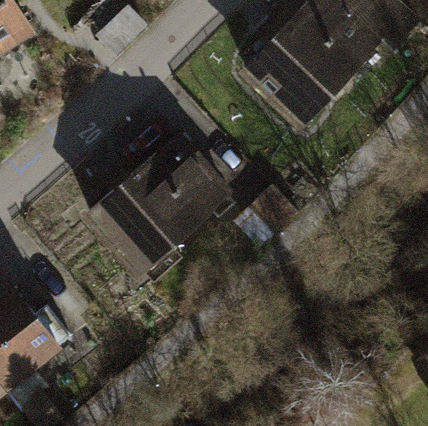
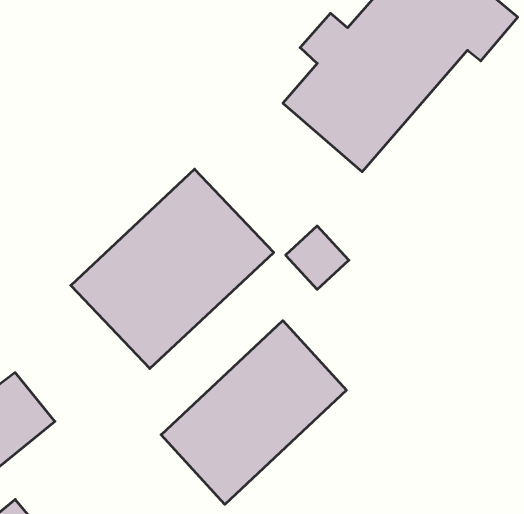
building: none -> [161,321,346,504]

